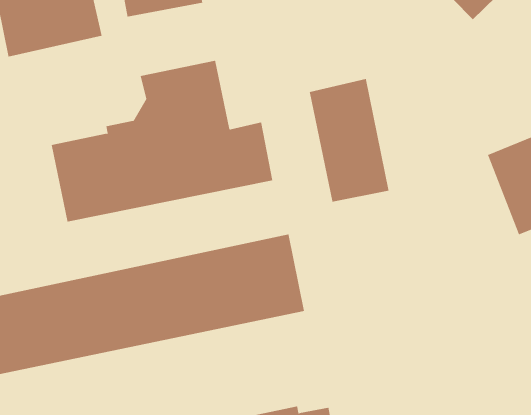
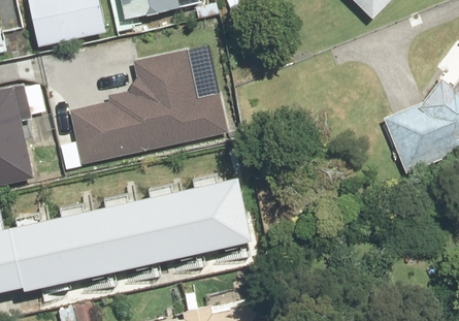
building: [309,78,389,202] -> none

